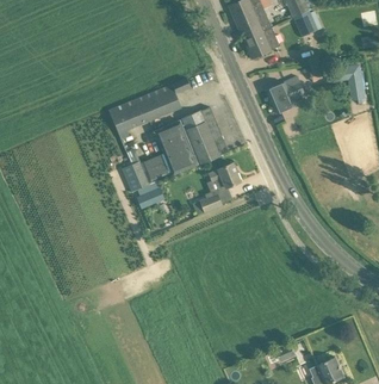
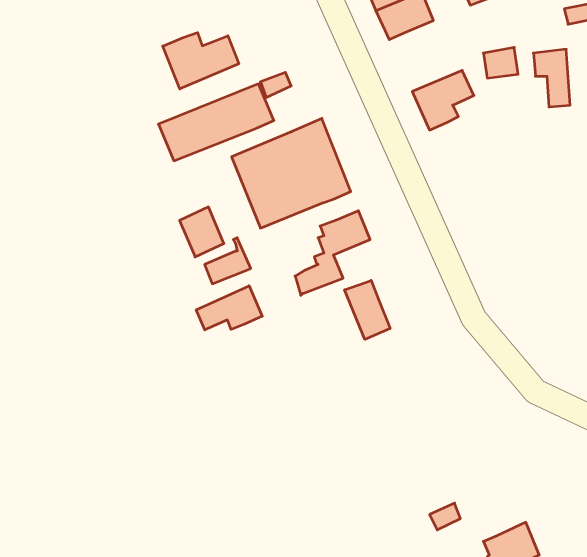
building: none -> [163,33,239,89]
building: none -> [345,280,390,339]
building: none -> [196,286,262,330]

